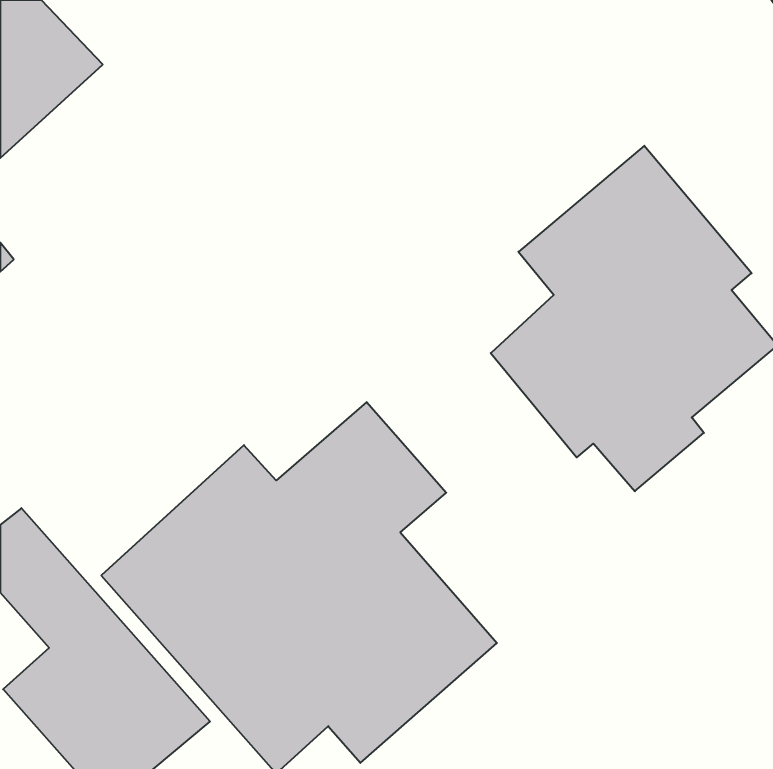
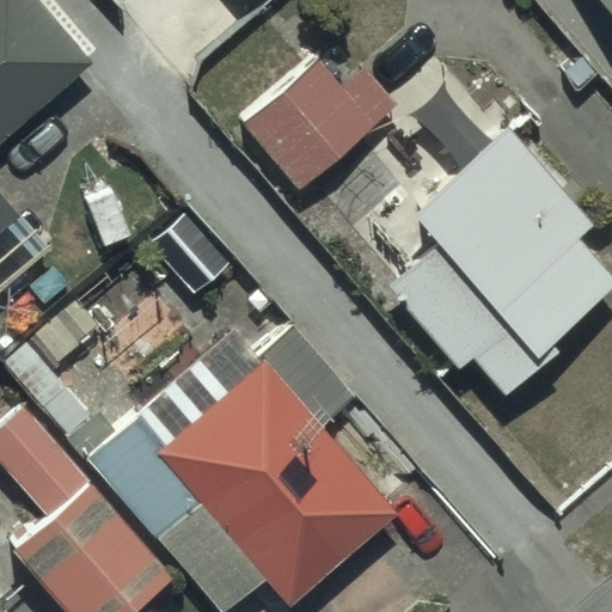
building: none -> [244,60,398,192]

